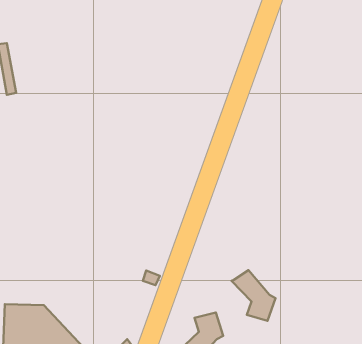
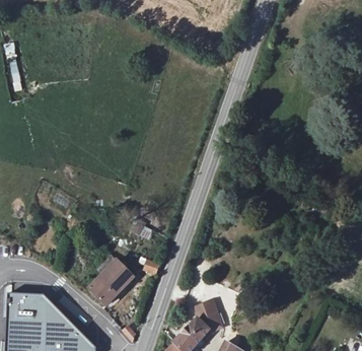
building: [232,270,276,321] -> none
building: none -> [84,260,133,307]

